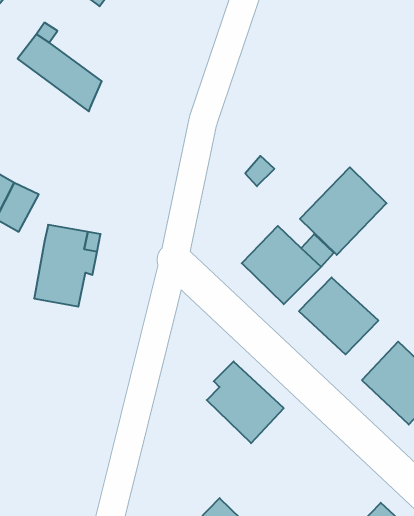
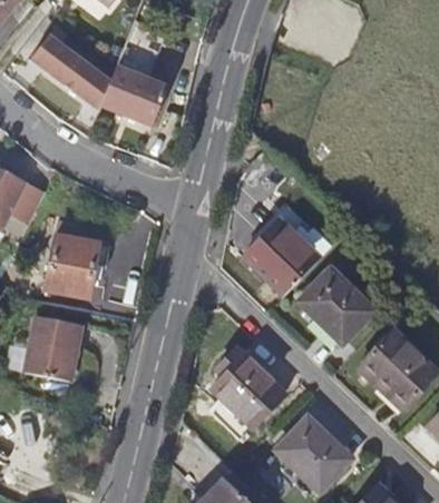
building: none -> [99,23,167,125]
building: [300,167,387,255] -> none
building: none -> [26,315,82,381]
building: none -> [275,416,350,491]

